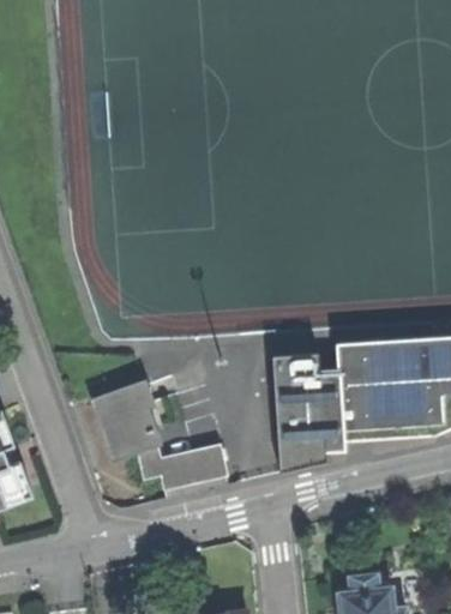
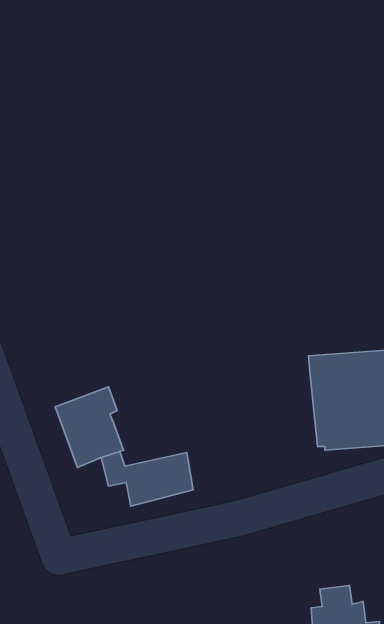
building: [272,348,345,468] -> none

